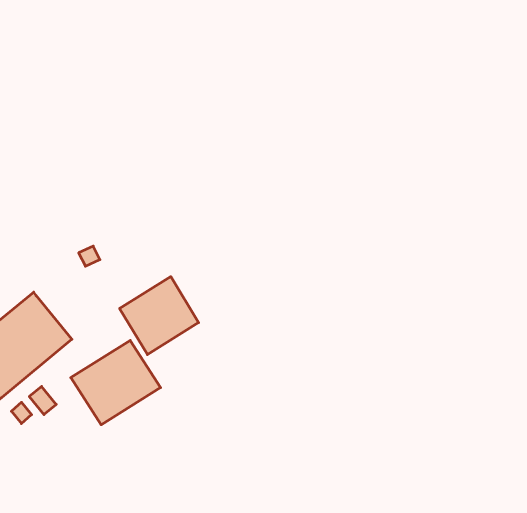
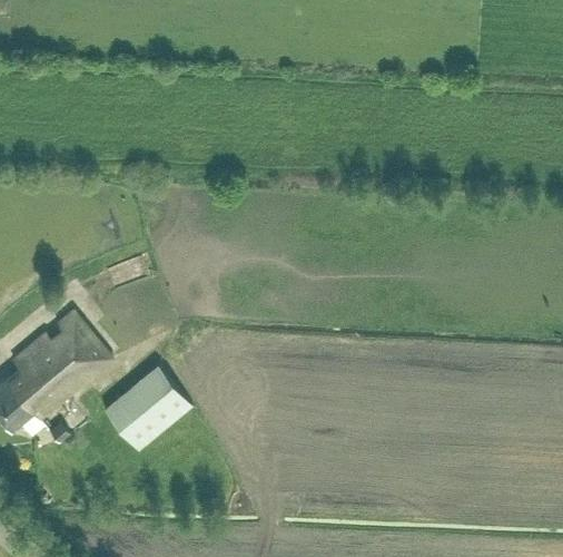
building: [120,277,199,355] -> none

